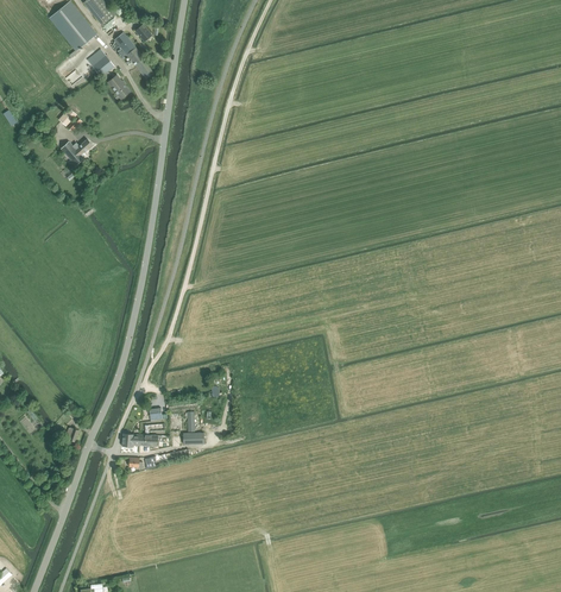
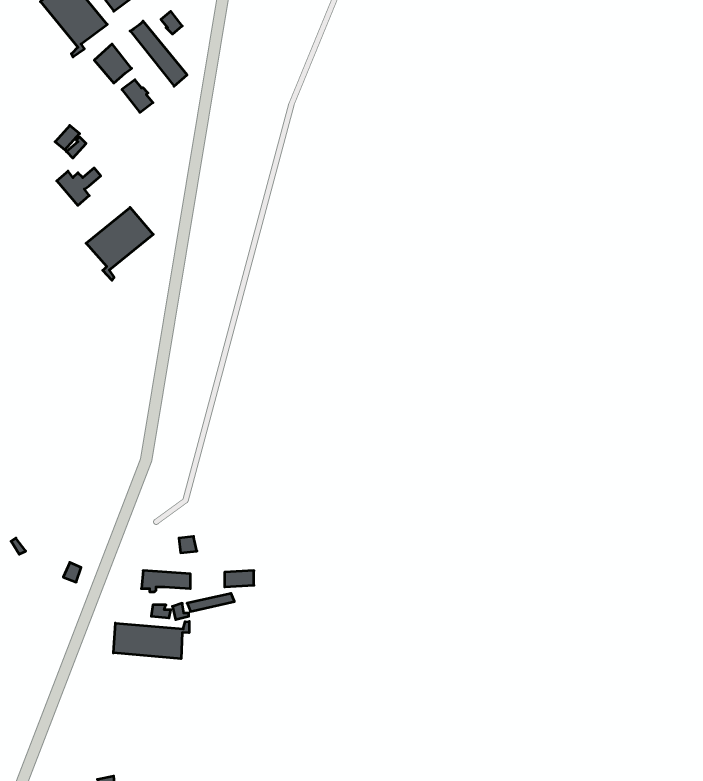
building: none -> [86,207,153,280]
building: none -> [113,621,189,659]

